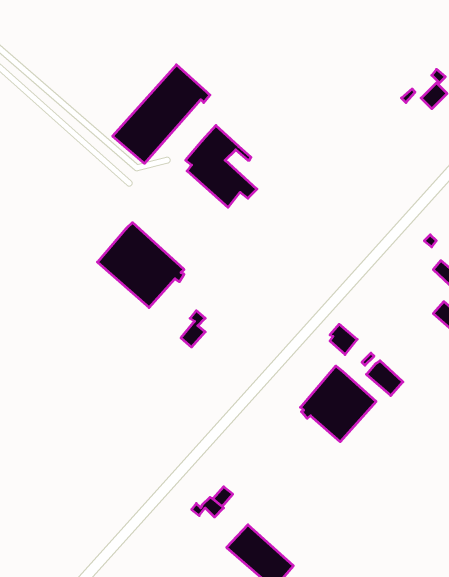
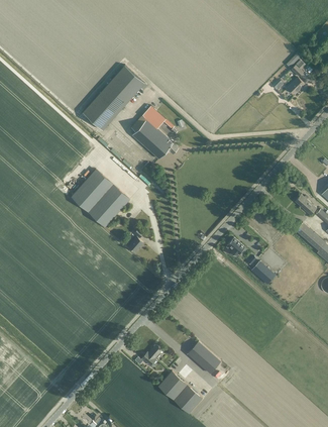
building: [300,366,376,442] -> none
building: none -> [187,340,221,373]

